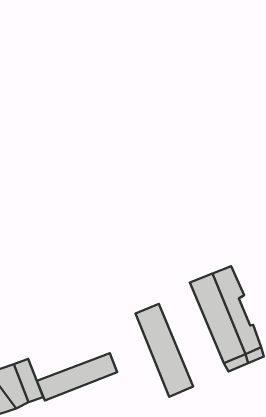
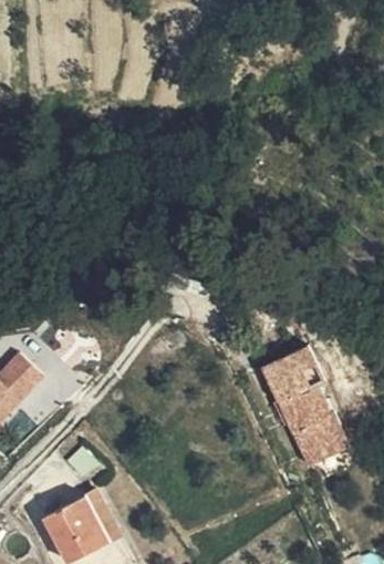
building: [136,304,193,397] -> none
building: [37,353,117,401] -> none

